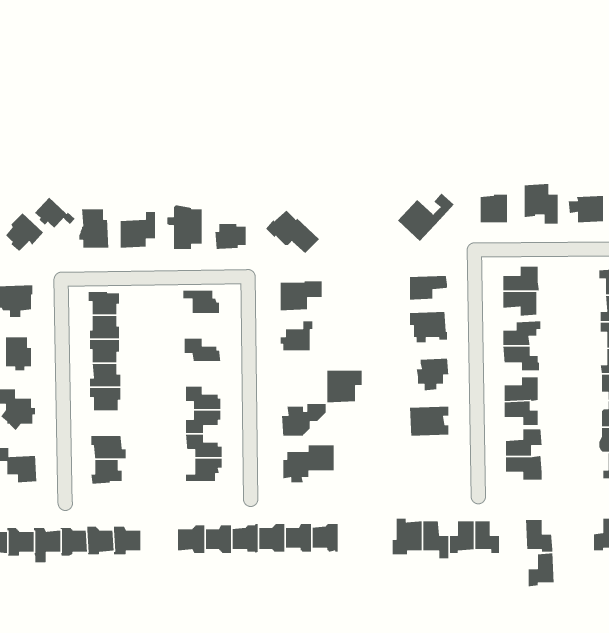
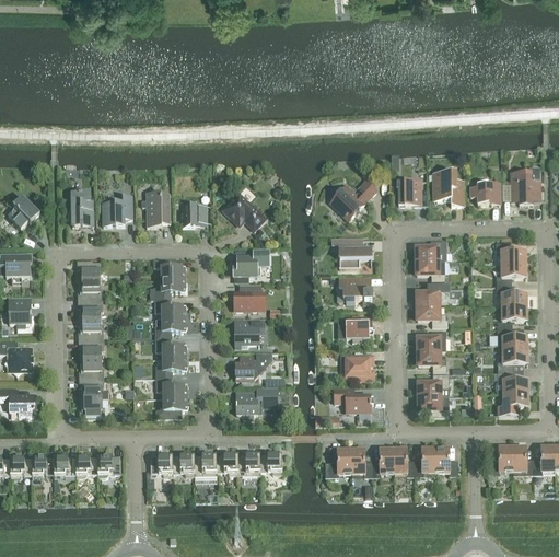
building: [34,197,76,229] -> none
building: none -> [155,278,185,298]
building: none -> [156,317,186,337]
building: [326,370,362,403] -> [235,318,265,346]
building: none -> [79,358,104,378]
building: none -> [335,387,374,418]
building: [528,552,554,587] -> [415,446,436,475]

